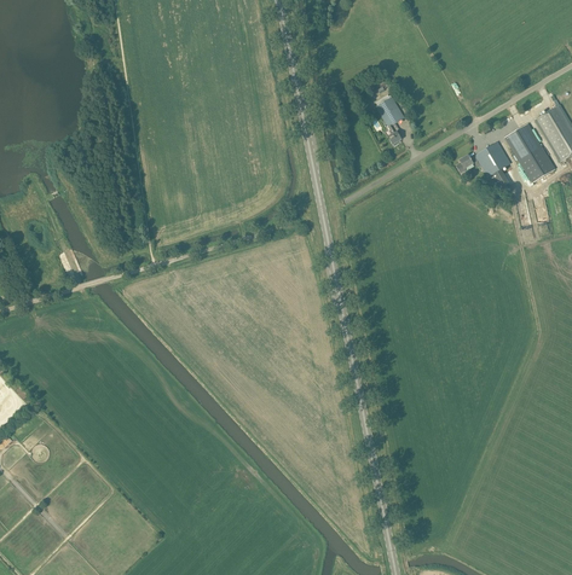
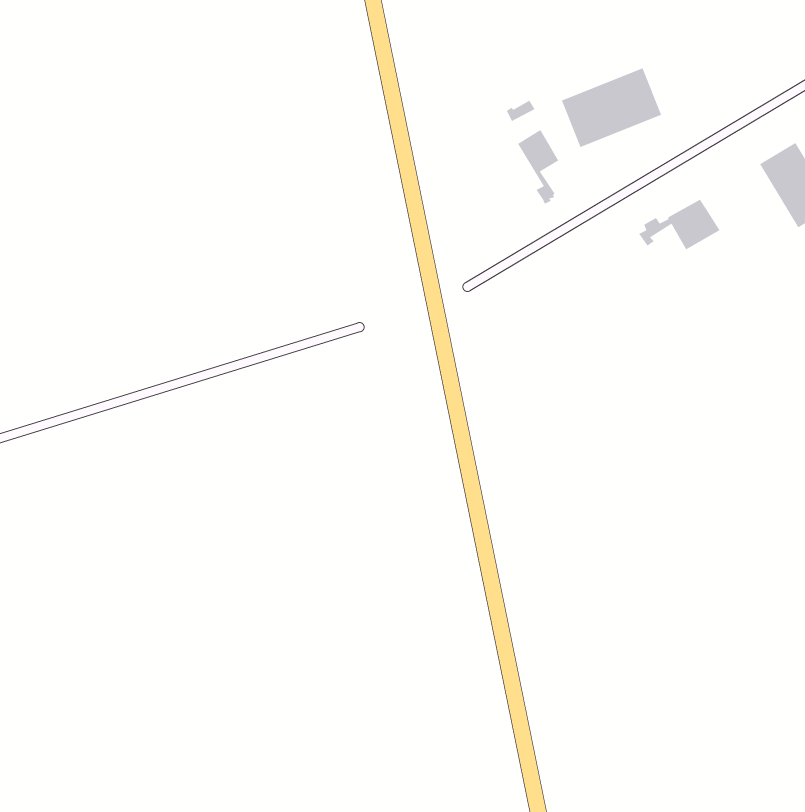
building: none -> [561,67,662,148]
building: [504,124,553,182] -> none

